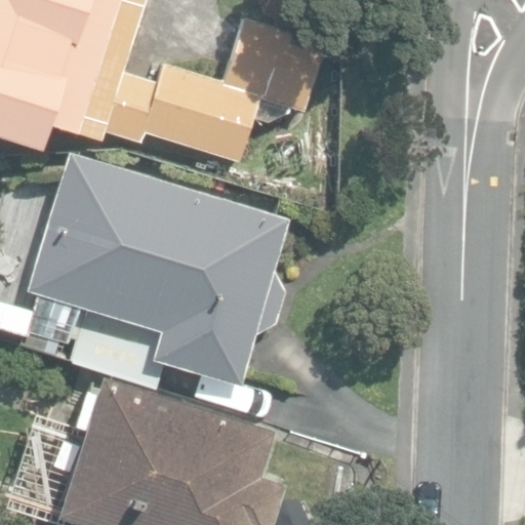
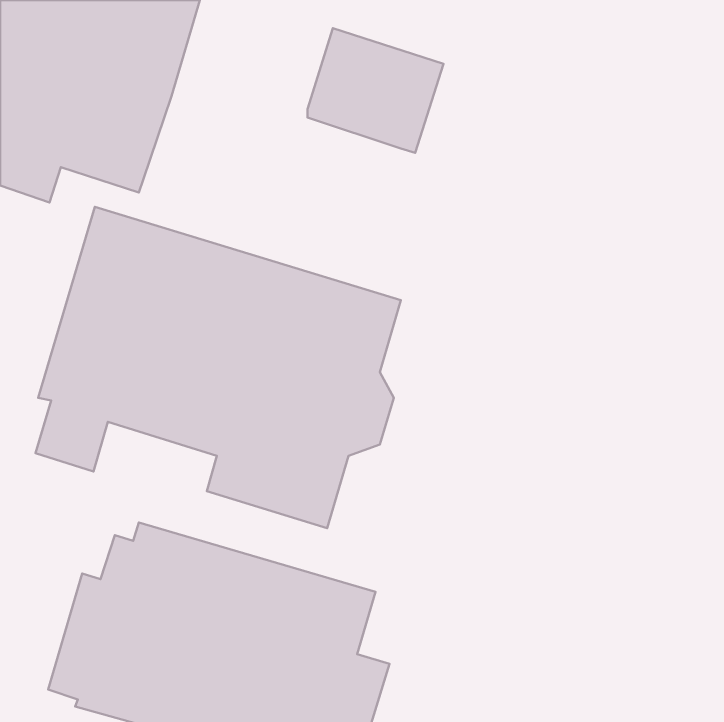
building: [104,60,290,162] -> none

